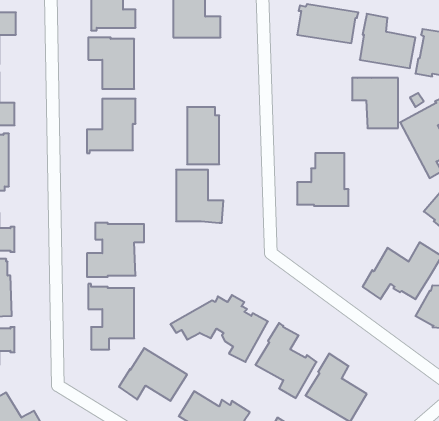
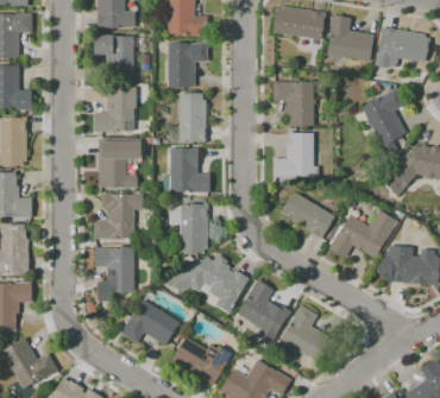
building: none -> [168,43,208,88]
building: [352,78,398,128] -> [274,82,313,125]
building: none -> [99,139,142,188]
building: none -> [281,190,335,239]
building: none -> [180,203,208,253]

